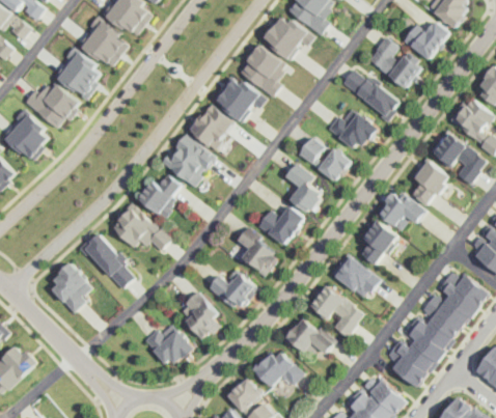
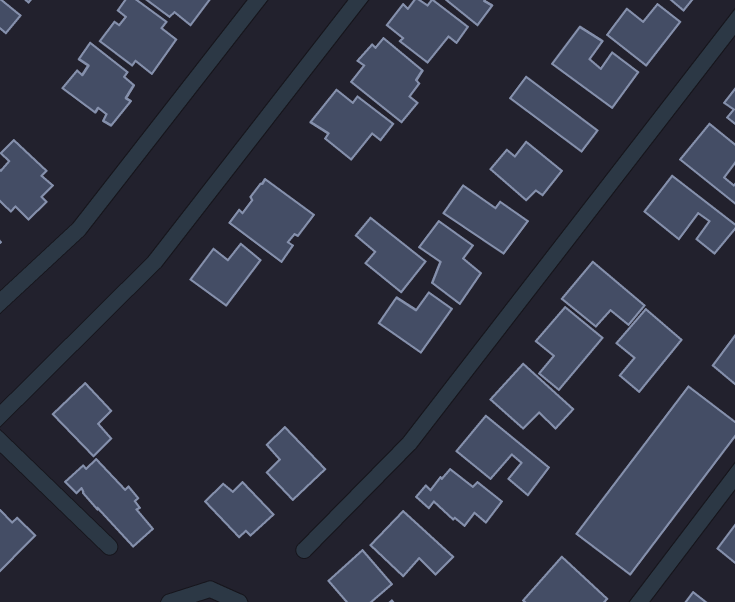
building: [24,82,79,128] -> none
building: [187,105,235,149] -> none
building: [408,157,449,210] -> [617,309,681,392]
building: [108,201,173,252] -> none
building: [237,228,281,276] -> [356,218,426,292]
building: [77,233,133,289] -> [65,459,153,547]
building: [208,274,254,311] -> none

